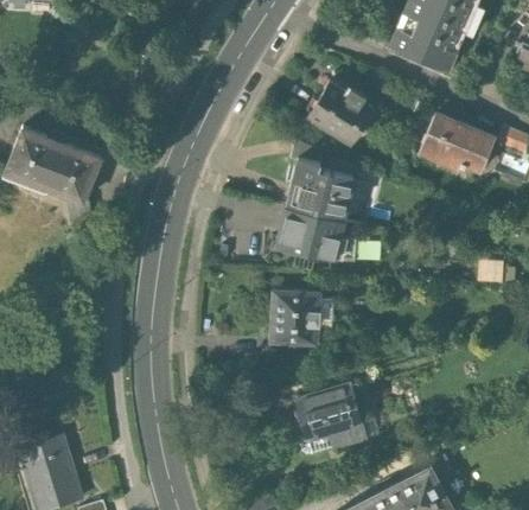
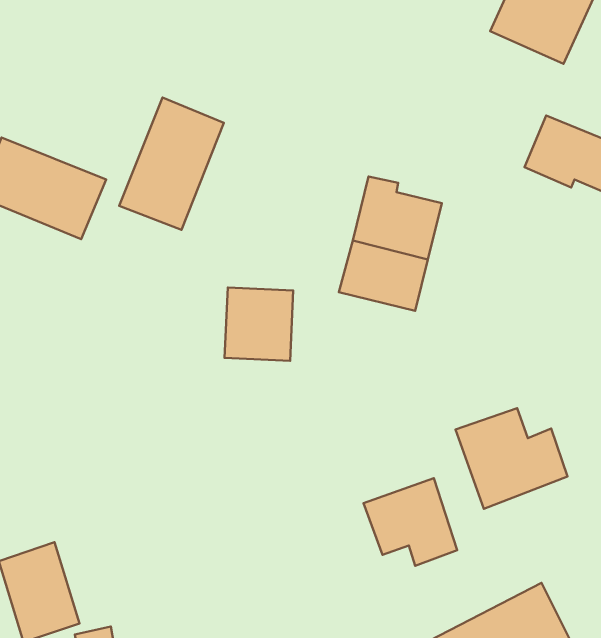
building: [307,77,378,146] -> none
building: none -> [119,98,224,230]
building: [269,291,321,346] -> [225,288,293,361]
building: none -> [456,408,568,509]

